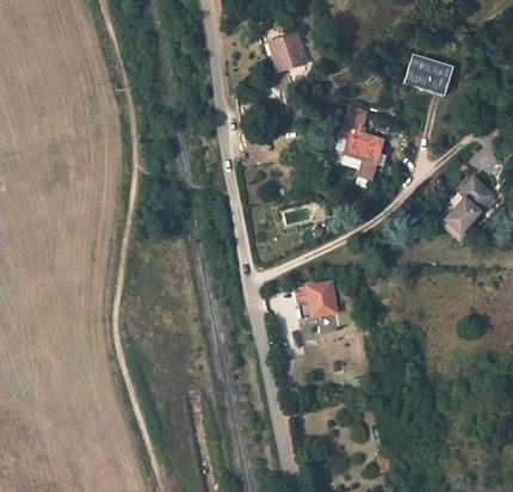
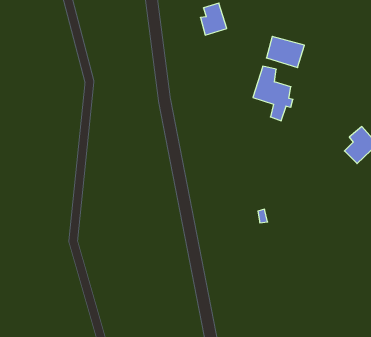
building: [406,54,452,92] -> [266,36,304,68]
building: [308,281,336,315] -> none

